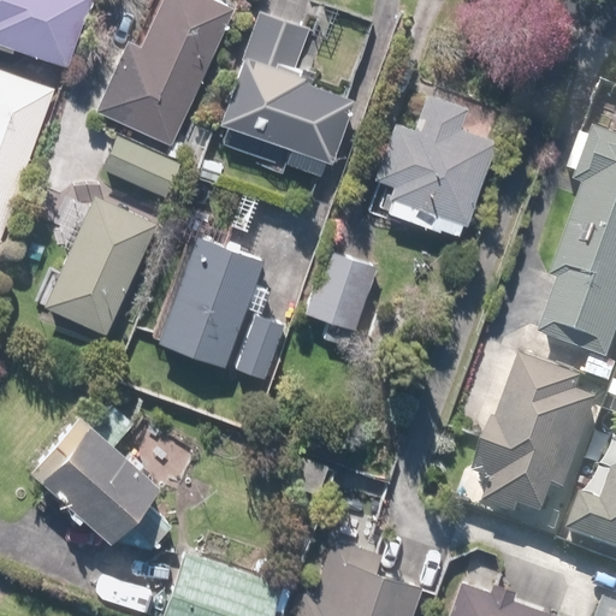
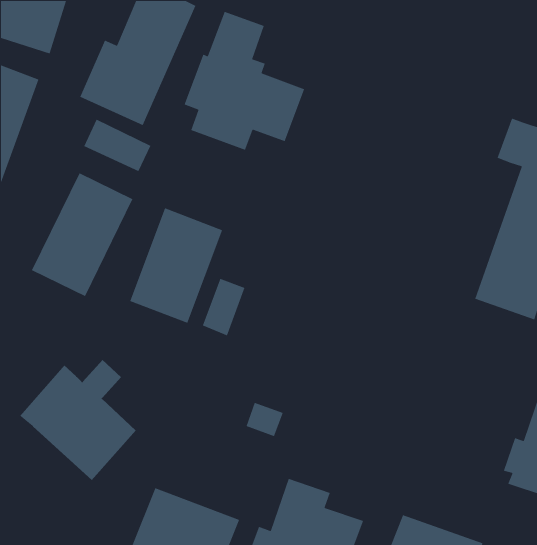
building: [366,106,486,253] -> none
building: [303,248,380,332] -> none
building: [480,361,603,522] -> none

